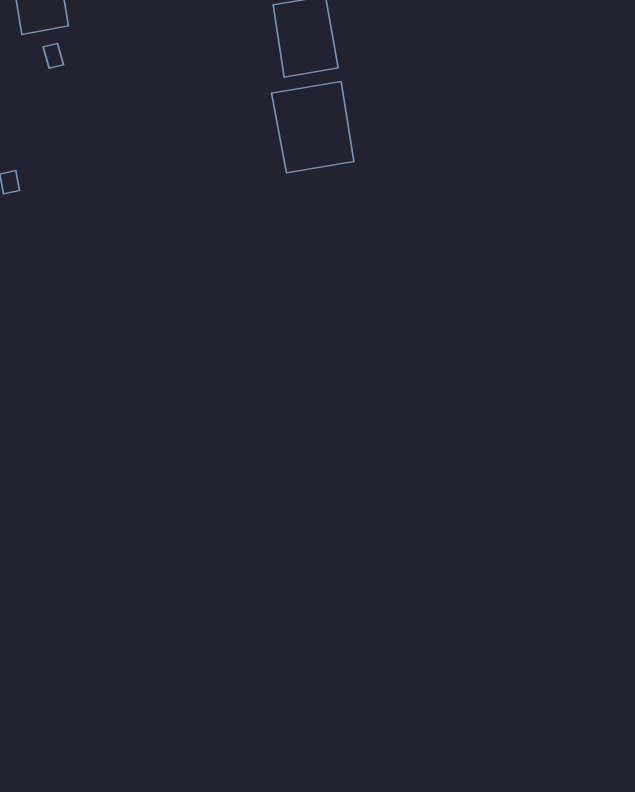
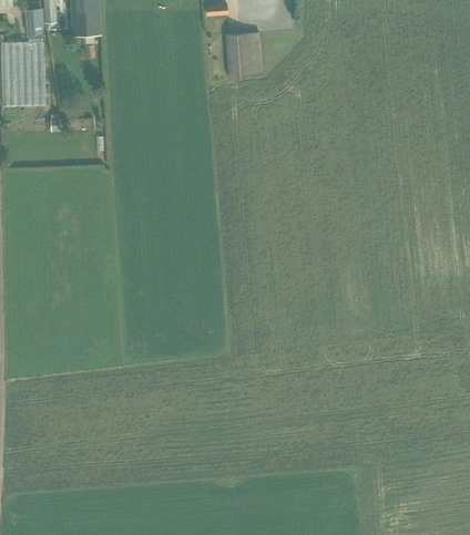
building: [271,81,354,173] -> none

